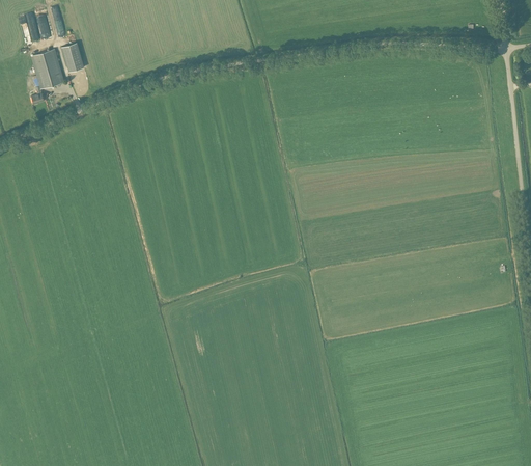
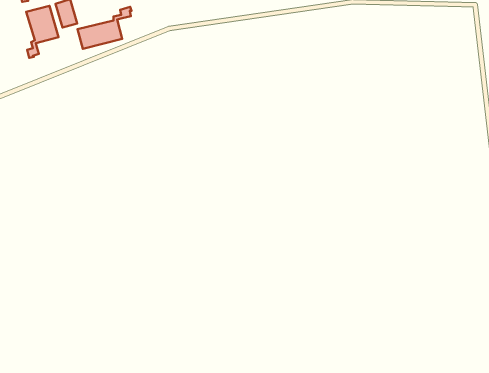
building: none -> [77,7,131,49]

